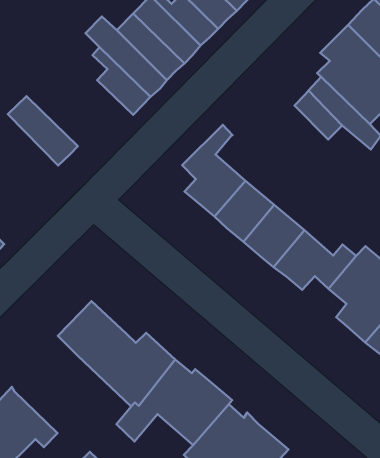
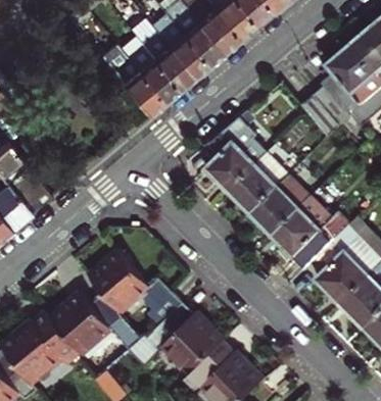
building: [8,96,78,166] -> [113,59,168,117]
building: none -> [231,127,349,233]
building: none -> [52,290,145,354]

